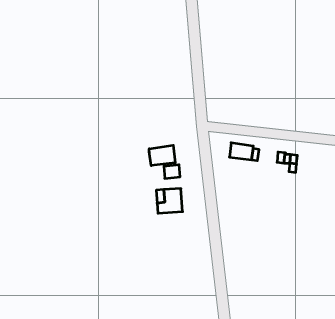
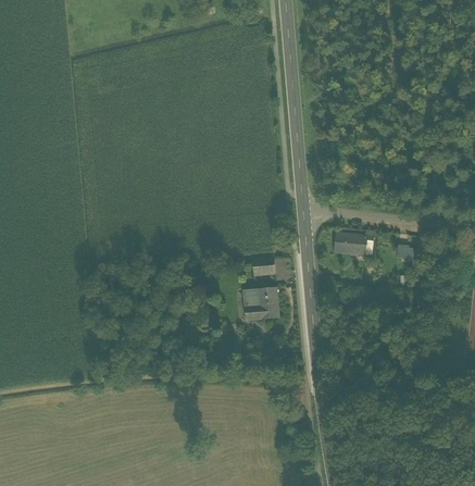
building: [149,145,175,166] -> none

